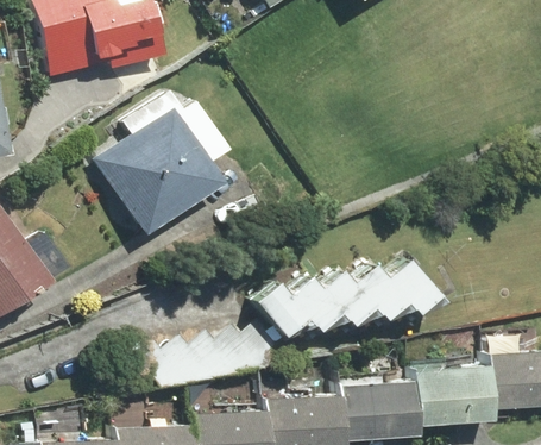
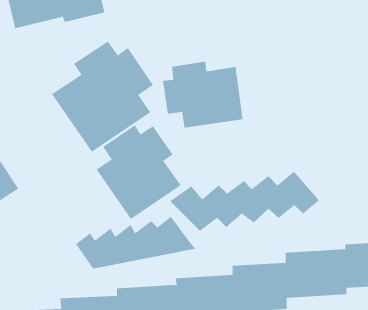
building: none -> [162,61,243,128]
building: none -> [96,124,181,220]

